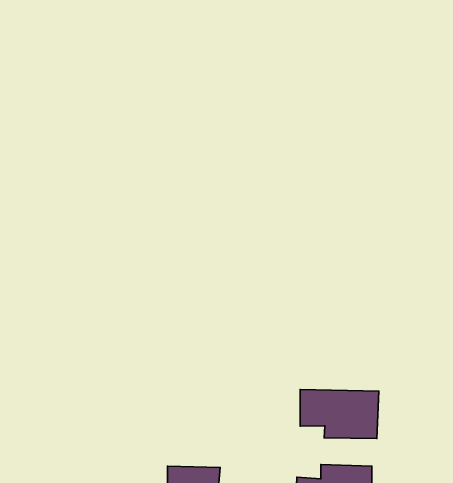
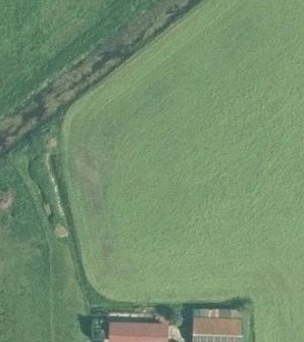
building: [300,390,379,438] -> none

